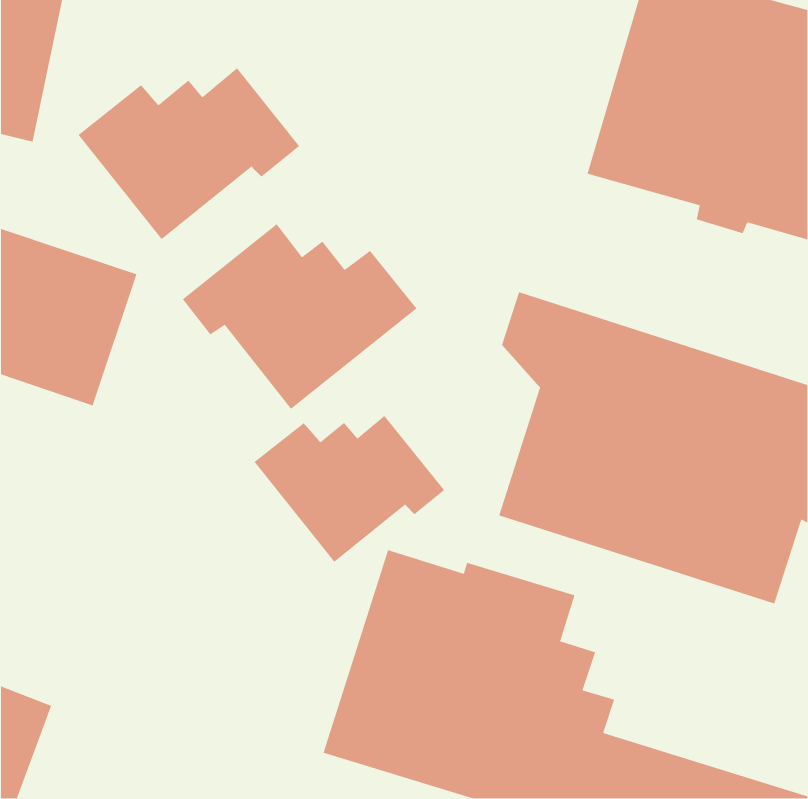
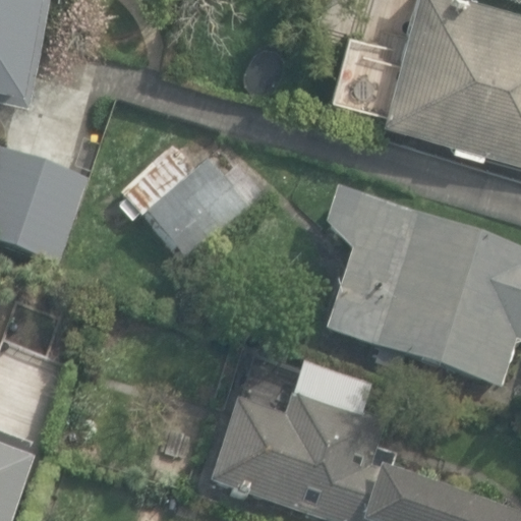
building: [77,67,300,240] -> none
building: [254,415,445,563] -> none

